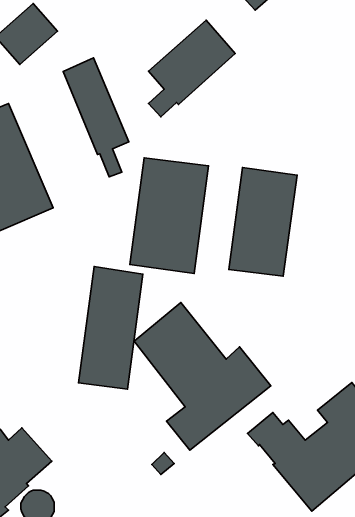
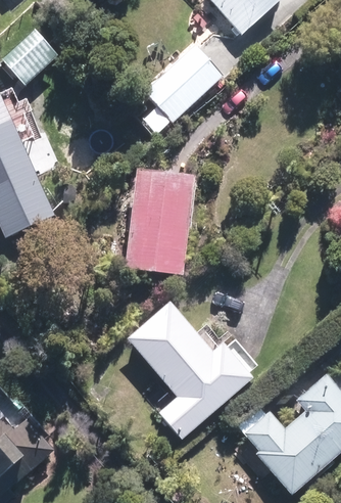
building: [63,58,129,177] -> none
building: [229,168,297,276] -> none
building: [78,267,143,389] -> none

